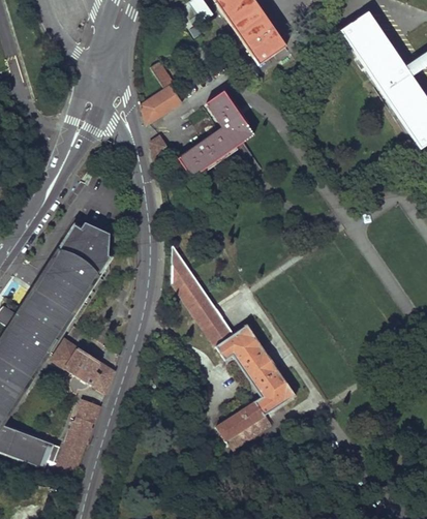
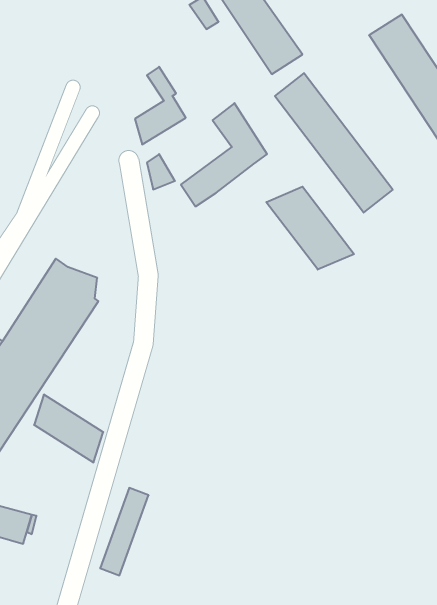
building: none -> [275,73,393,213]
building: none -> [266,187,354,270]
building: [173,243,293,452] -> none
building: [60,395,101,469] -> [100,488,149,575]

